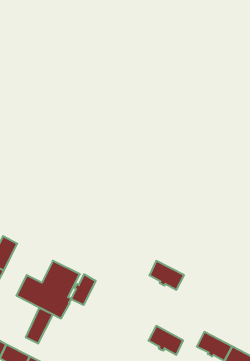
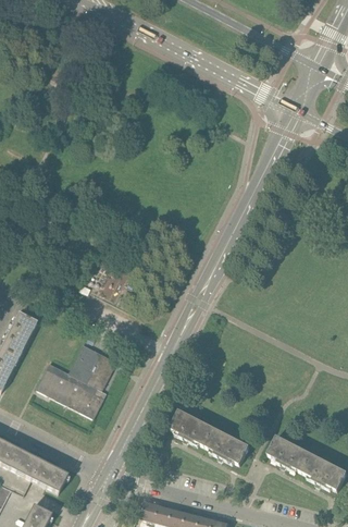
building: [149,261,184,290] -> [170,409,214,446]
building: [71,274,96,305] -> none
building: [26,308,53,344] -> none

